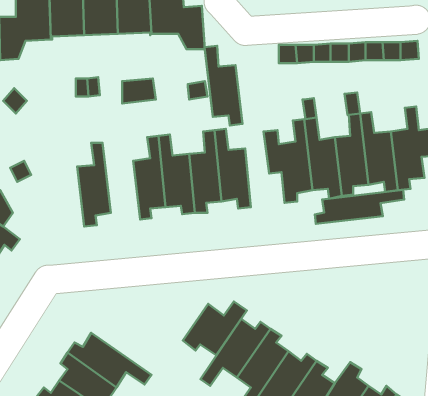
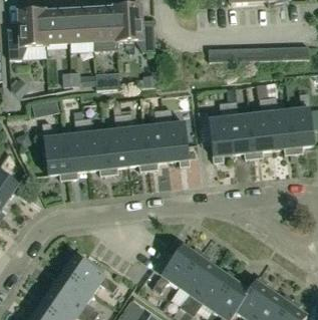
building: [205,46,242,125] -> [82,117,109,175]
building: none -> [42,122,69,180]
building: [315,190,404,224] -> none
building: [183,301,247,355] -> none

